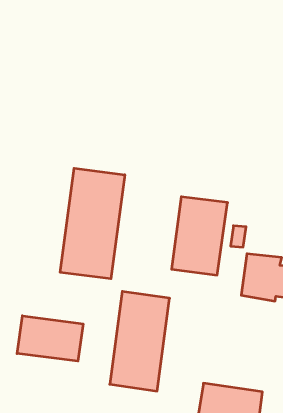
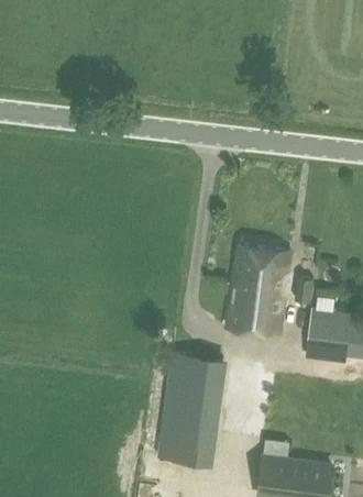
building: [60,168,125,279] -> none
building: [17,316,83,361] -> none

